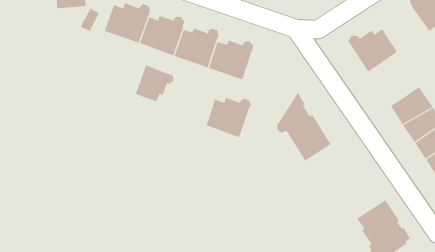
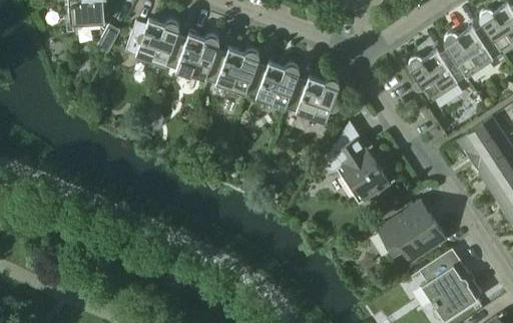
building: none -> [445,26,503,76]
building: [135,65,174,102] -> none
building: [206,97,251,138] -> [287,76,340,123]
building: none -> [378,206,446,261]

